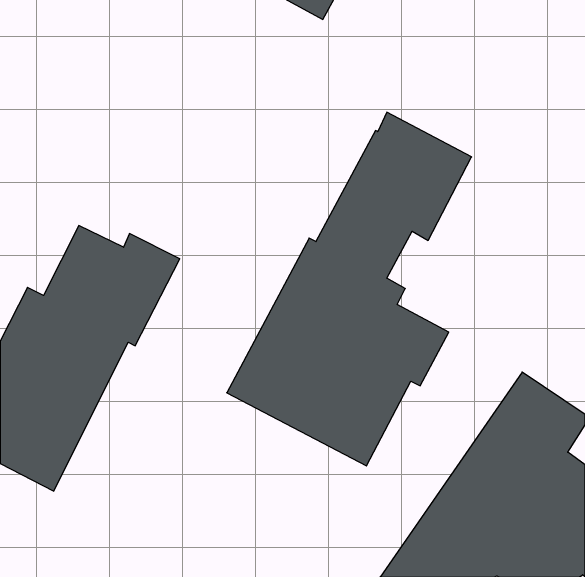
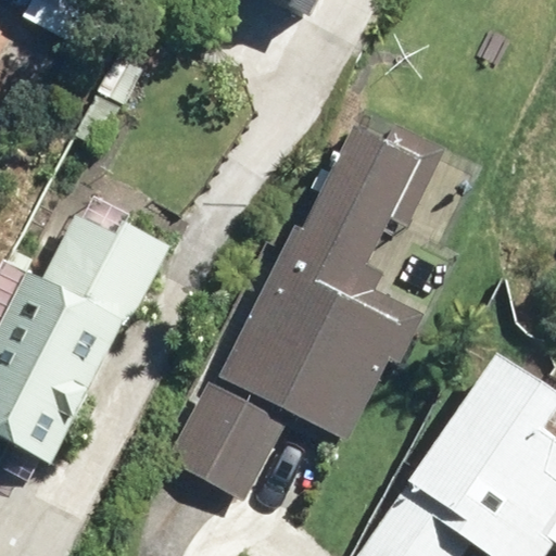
building: none -> [169,381,286,500]

